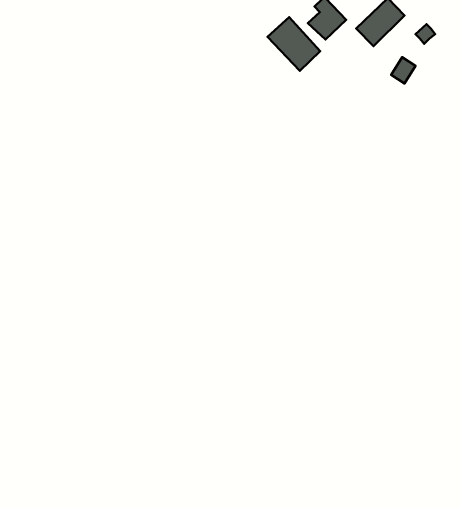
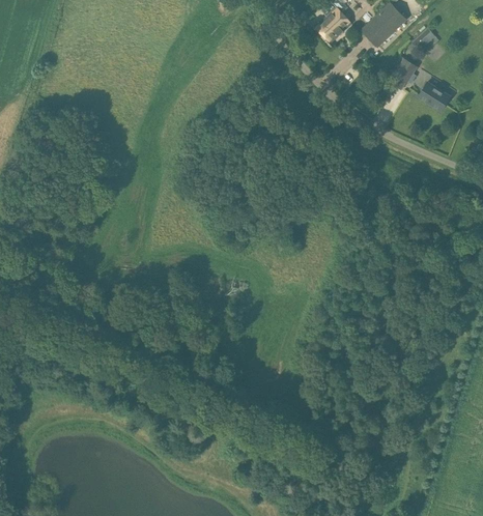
building: [268,17,320,71] -> none
building: none -> [419,83,450,112]

